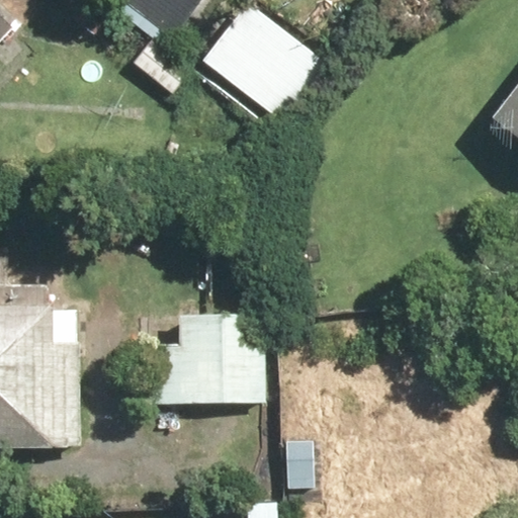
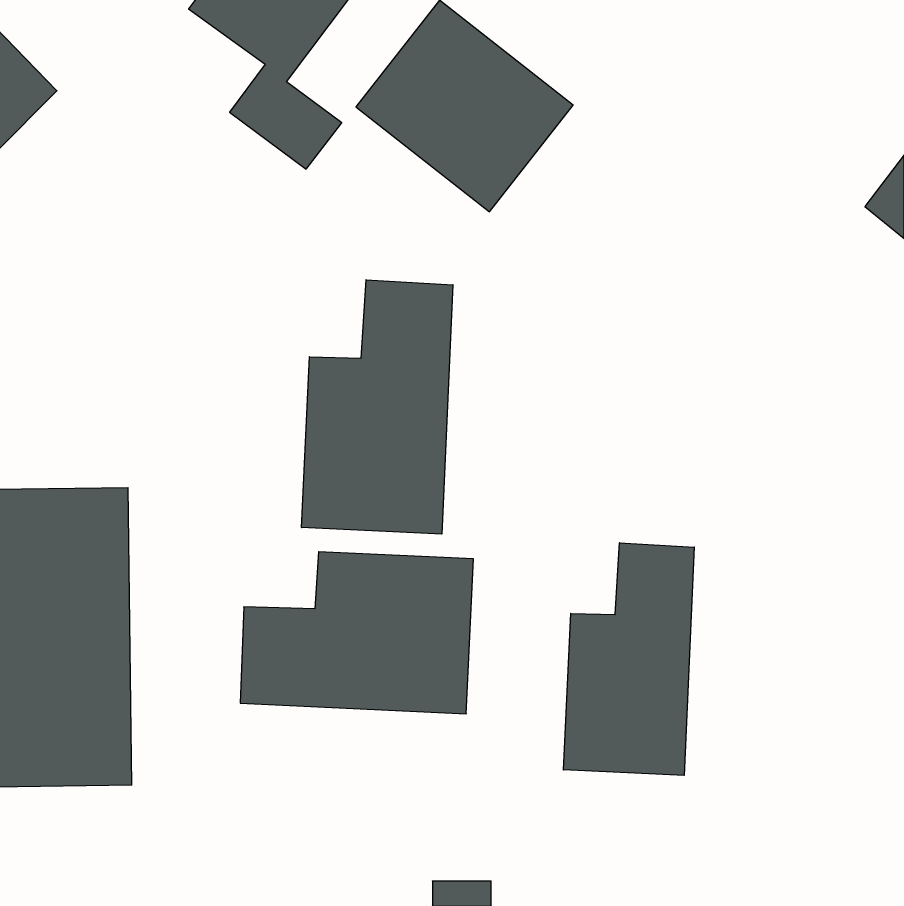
building: none -> [302,280,453,534]
building: none -> [563,543,694,775]

